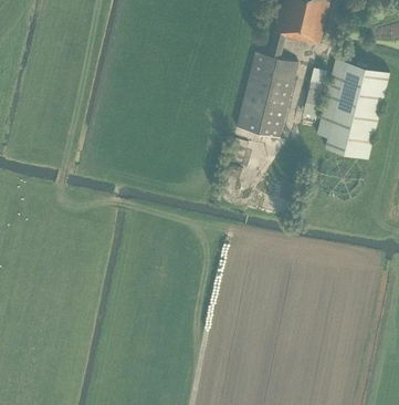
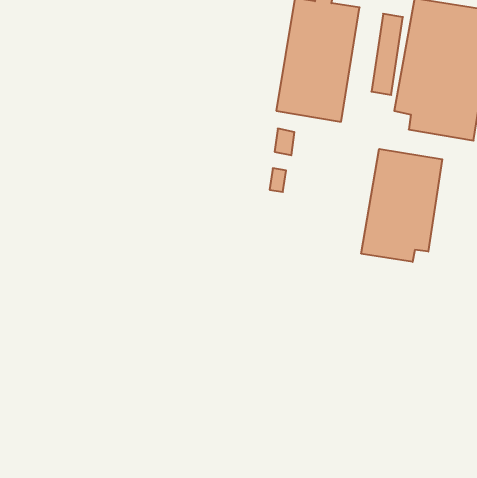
building: none -> [361,149,442,262]

